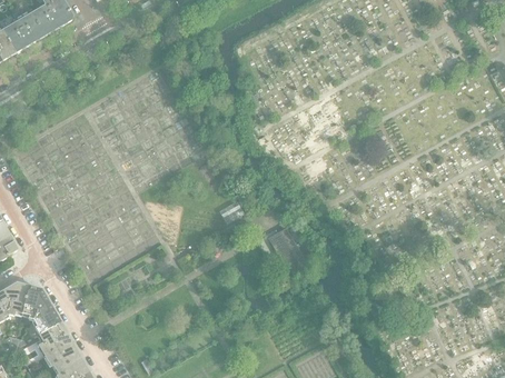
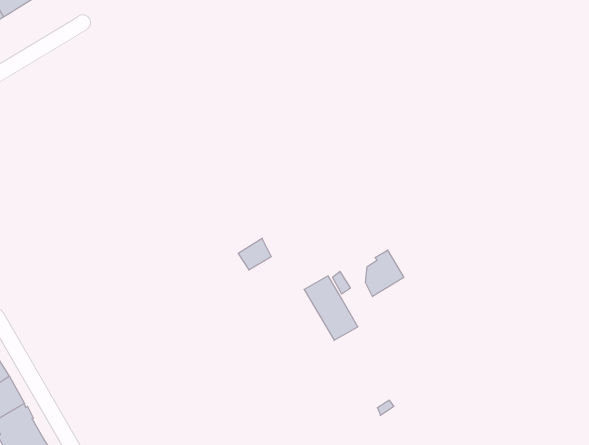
building: none -> [366,250,404,297]

